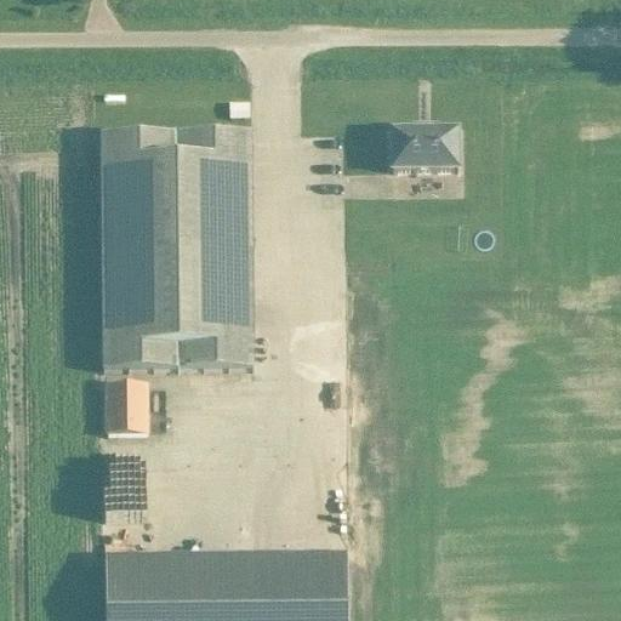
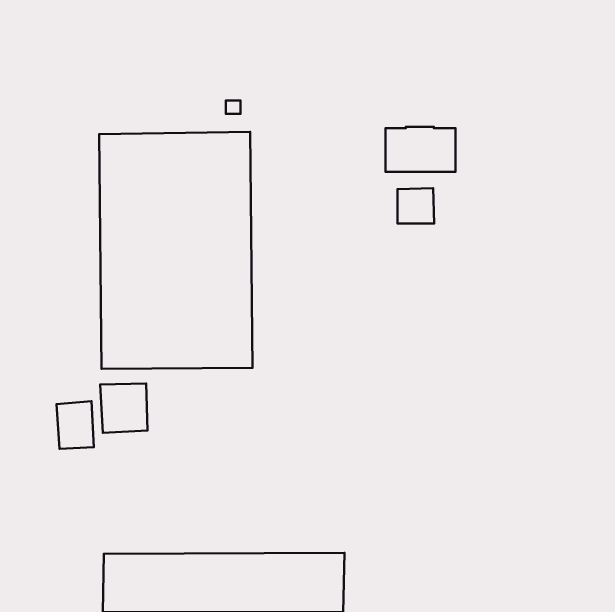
building: none -> [397,188,434,224]
building: none -> [56,401,94,449]

